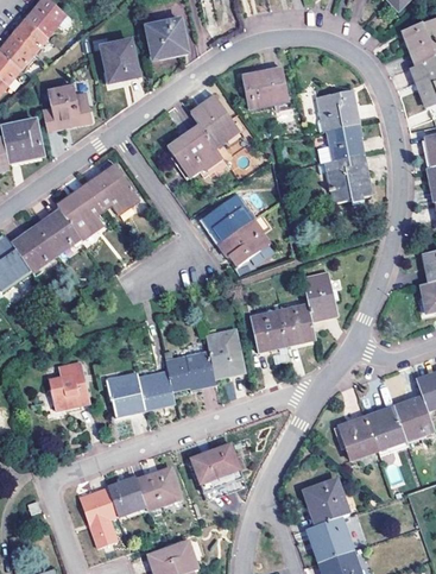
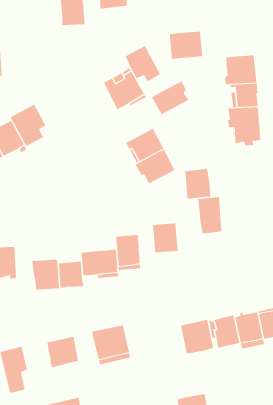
building: [43,87,93,130] -> none
building: none -> [151,80,189,115]
building: [86,164,139,214] -> none
building: [279,303,316,345] -> [185,168,211,199]
building: [107,475,145,515] -> none
building: [303,479,348,525] -> [180,319,214,354]

